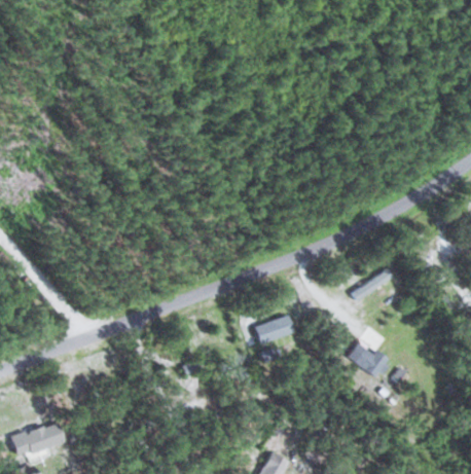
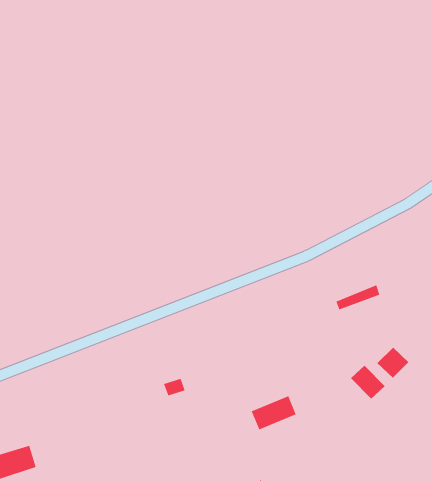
building: [255,314,297,345] -> [251,396,296,430]
building: none -> [377,347,409,379]

